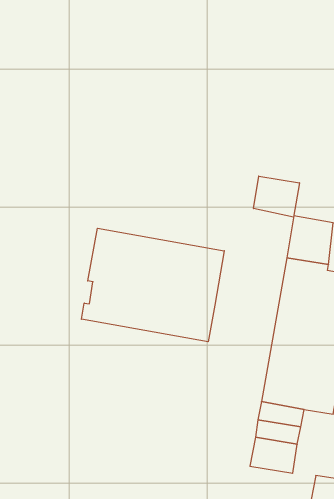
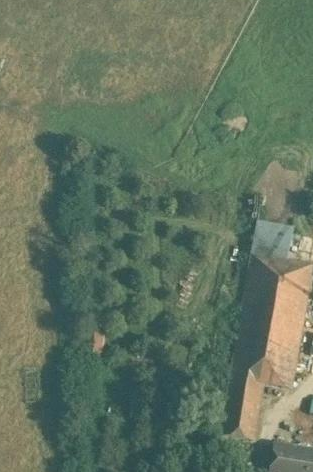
building: [254,176,299,217] -> none
building: [81,228,224,342] -> none

